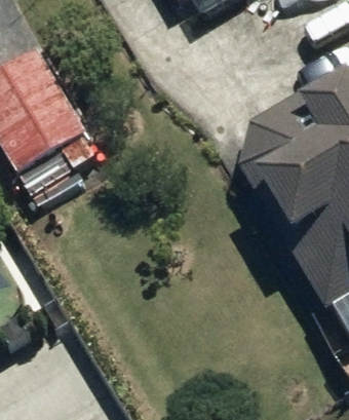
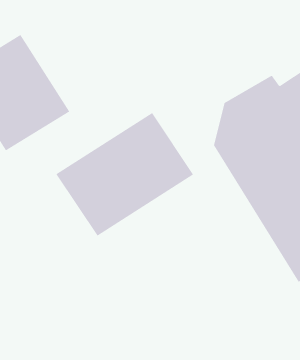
building: none -> [55,112,194,236]

